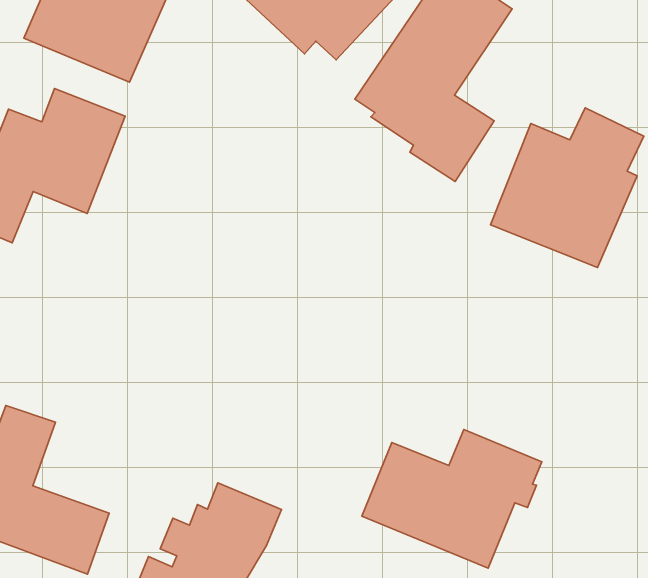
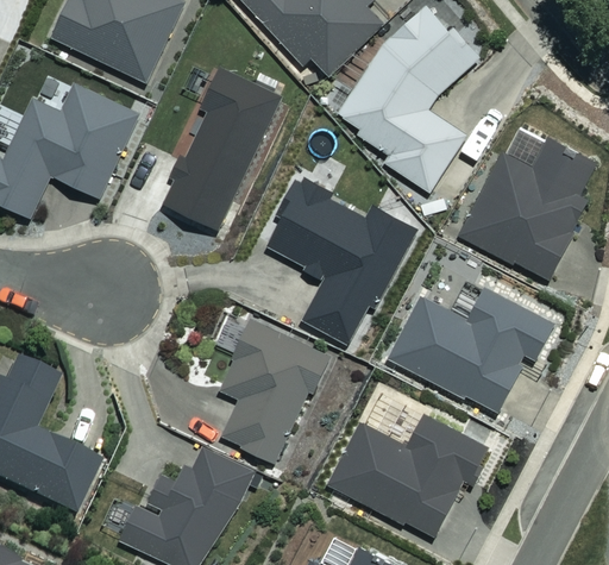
building: none -> [163,70,282,231]
building: none -> [270,183,419,349]
building: none -> [382,285,551,412]
building: none -> [220,312,332,464]

